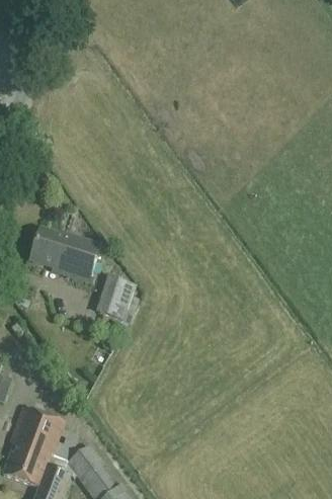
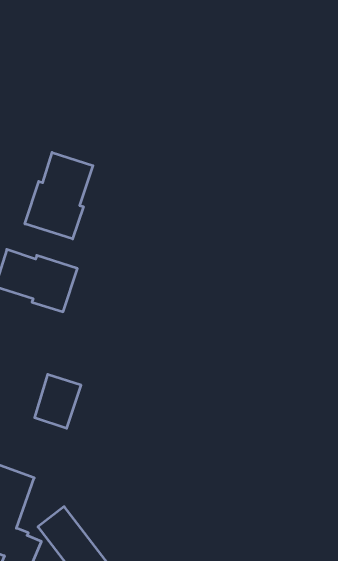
building: none -> [25,152,93,239]
building: [96,274,136,320] -> [35,374,81,428]

